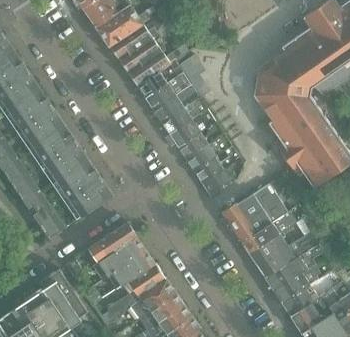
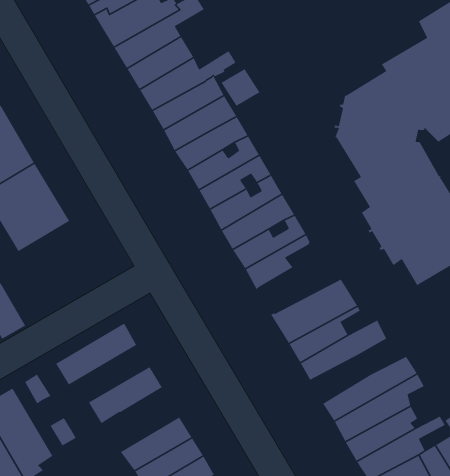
building: [57,160,113,218] -> none
building: [249,234,288,267] -> none
building: [94,237,146,280] -> none
building: [108,263,167,317] -> none

